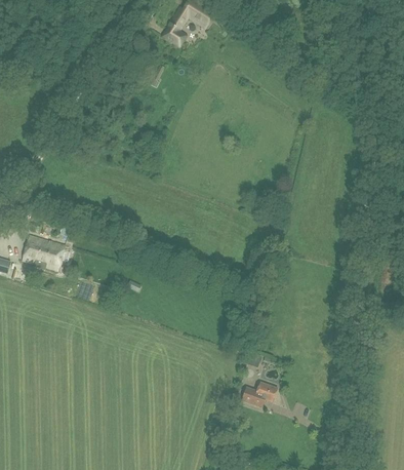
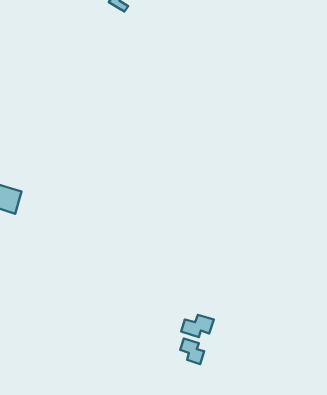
building: none -> [180,339,204,364]

